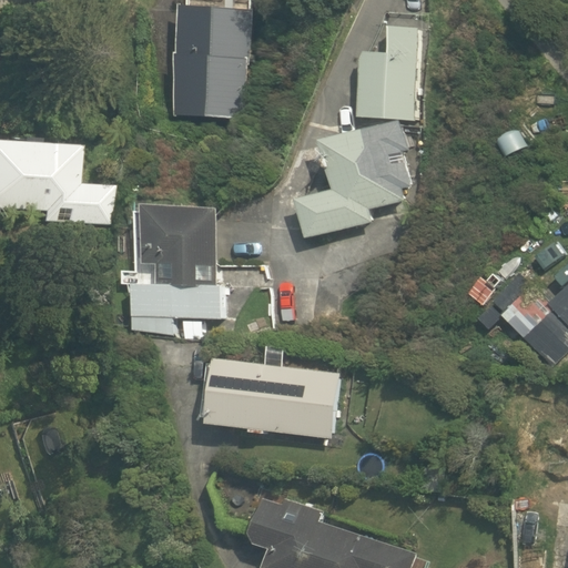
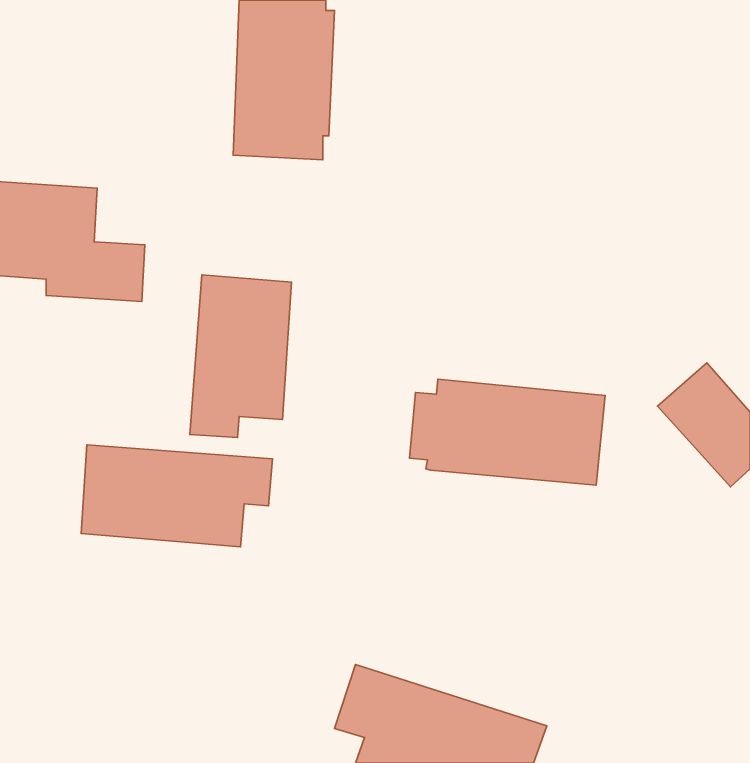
building: [297,24,417,236] -> none
building: none -> [81,445,273,547]
building: [197,358,343,437] -> [409,379,605,485]

